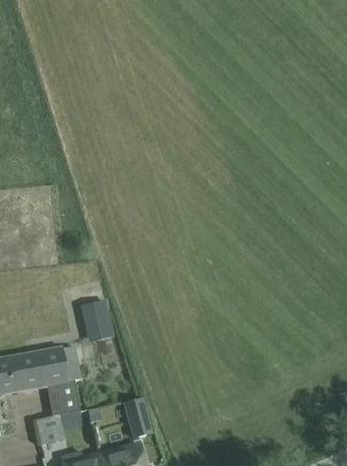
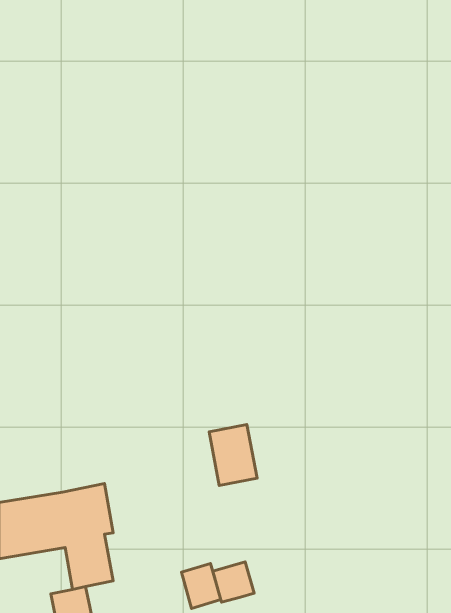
building: [81,299,114,341] -> [209,424,257,485]
building: none -> [213,562,254,602]

